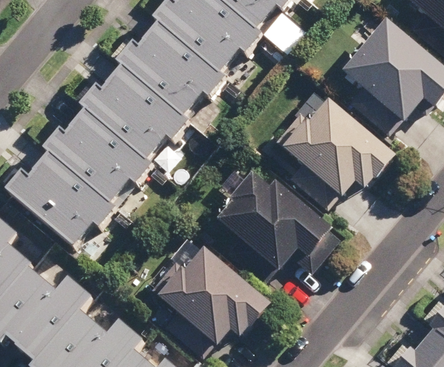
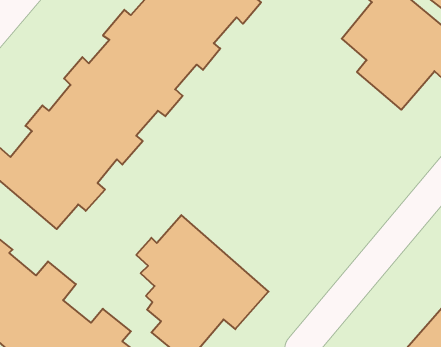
building: [272,85,396,206] -> none
building: [218,158,334,283] -> none

